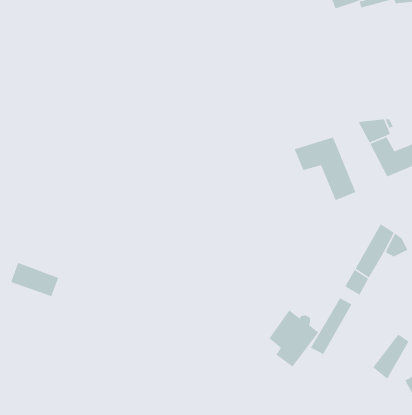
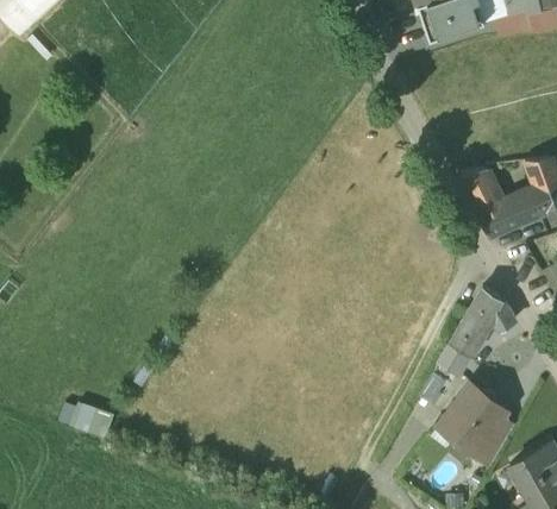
building: [293,136,357,201] -> none
building: [10,262,59,297] -> [60,398,115,439]
building: [268,309,319,370] -> [446,384,505,453]

